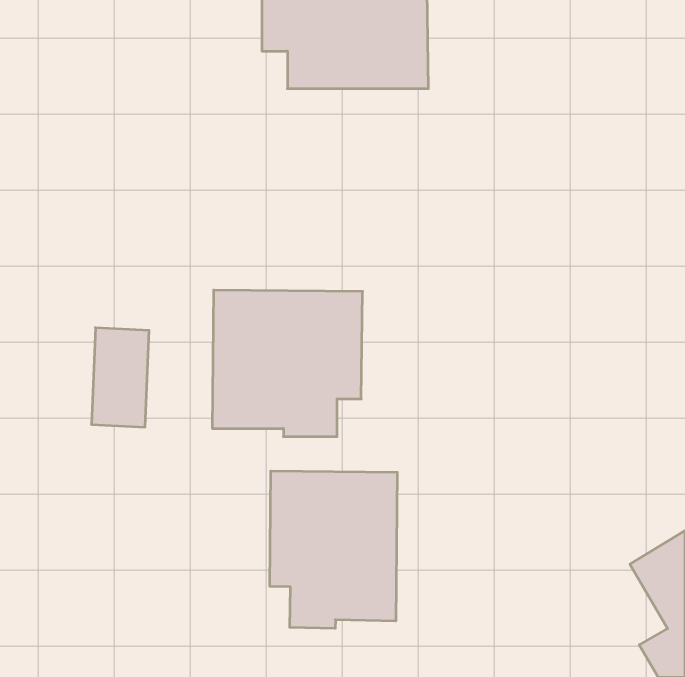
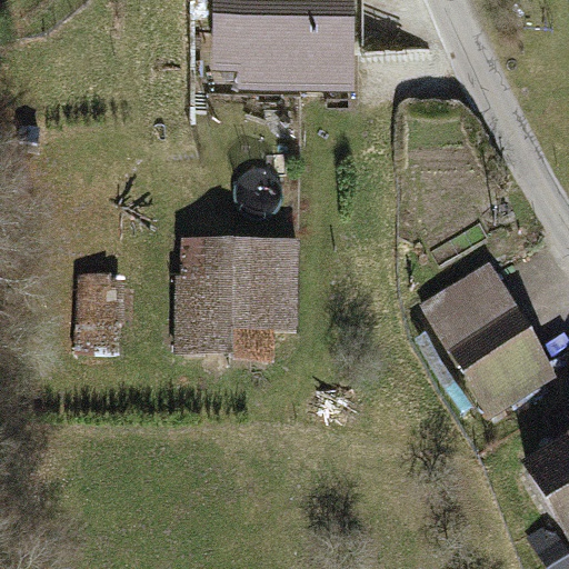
building: none -> [419,261,558,418]
building: [270,471,397,628] -> none

